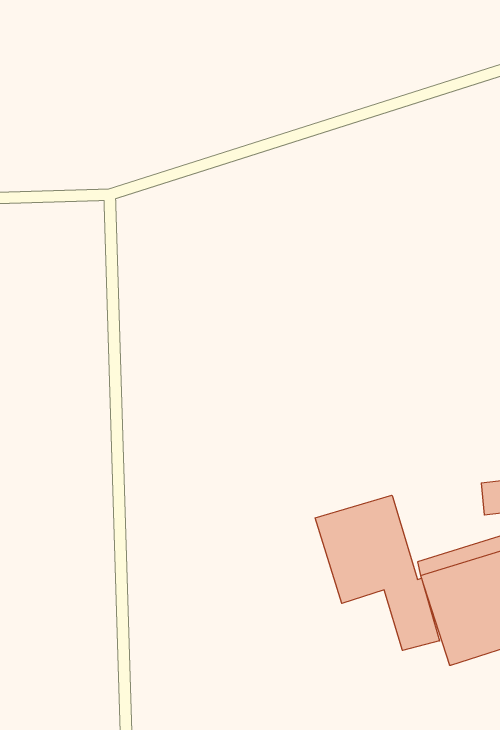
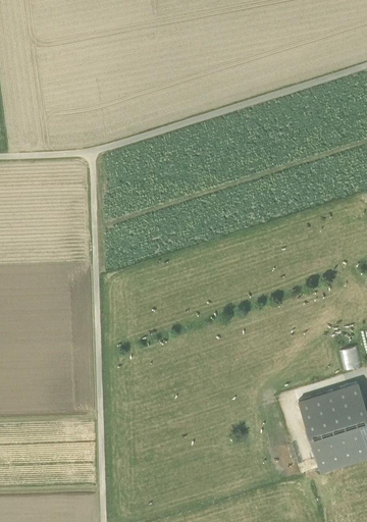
building: [315,495,440,650] -> none

